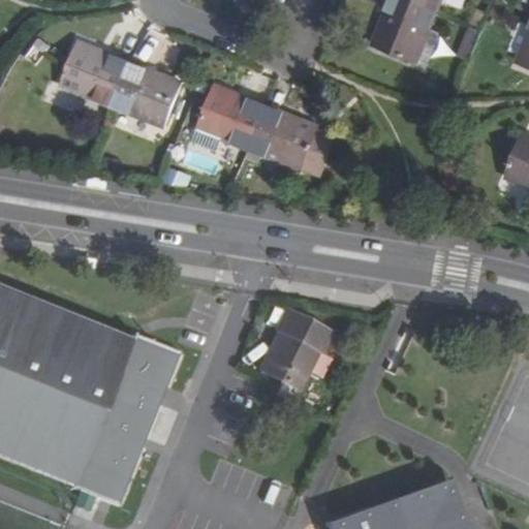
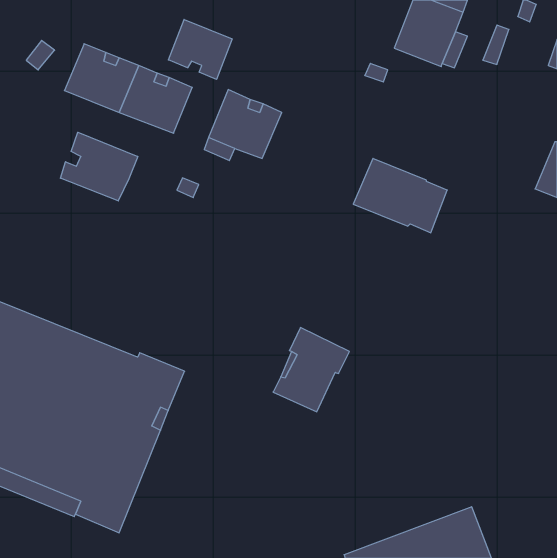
building: none -> [168,19,232,79]
building: [248,106,337,177] -> [353,158,447,233]
building: none -> [60,132,138,201]

